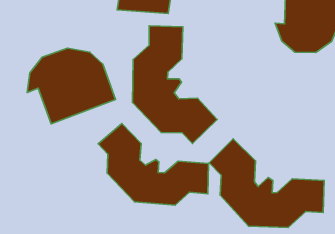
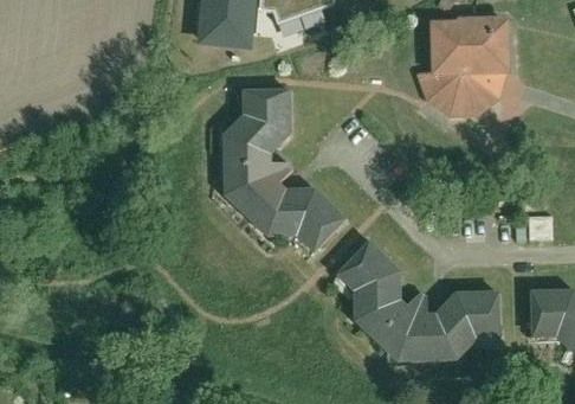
building: [27,48,116,124] -> none
building: [98,124,208,205] -> none

